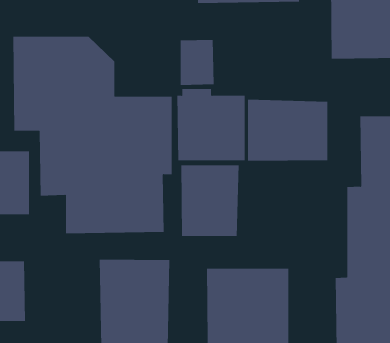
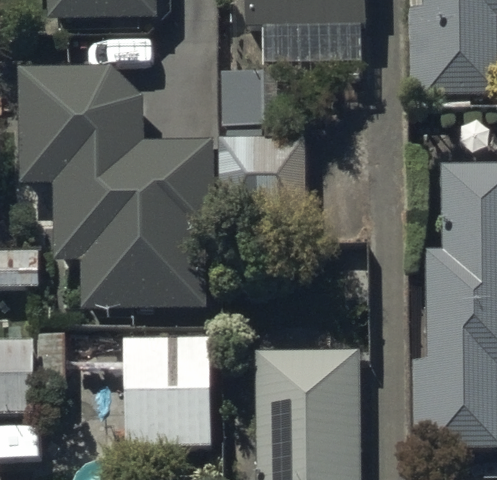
building: [247,99,328,162] -> none
building: [181,164,239,237] -> none

